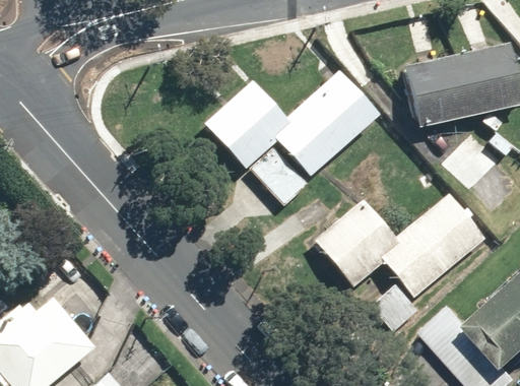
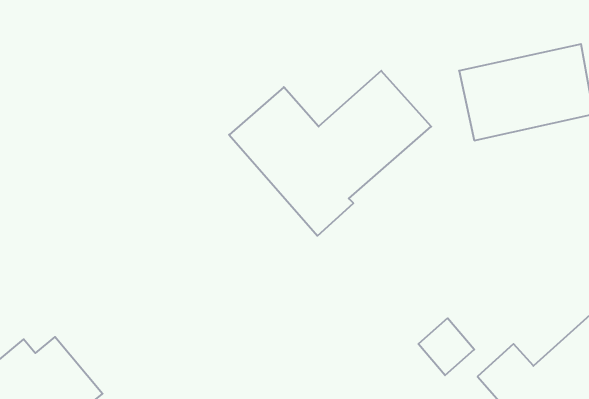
building: [313,192,485,299] -> none

